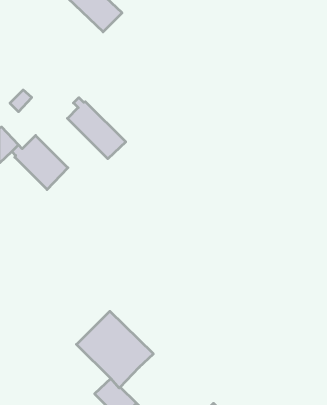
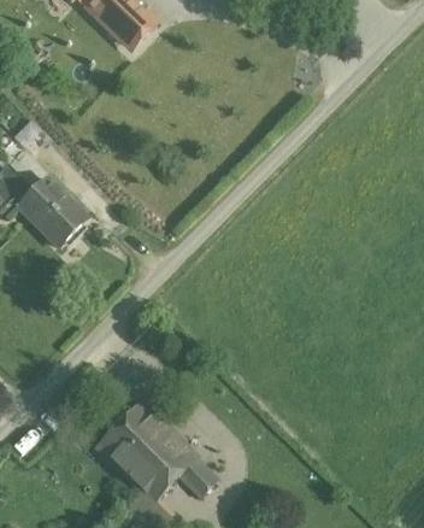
building: [67,98,126,159] -> none
building: none -> [177,457,216,494]

